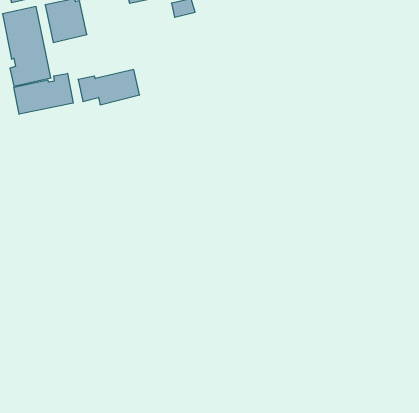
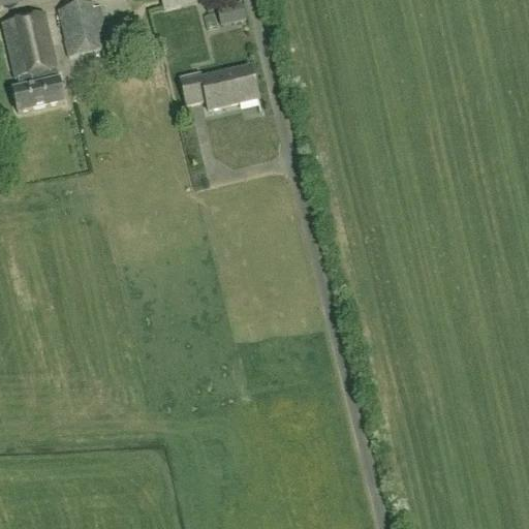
building: [78,70,140,105] -> [180,62,257,106]
building: [14,73,73,114] -> none

